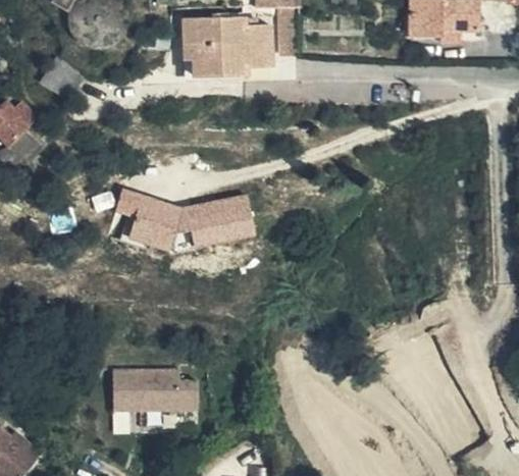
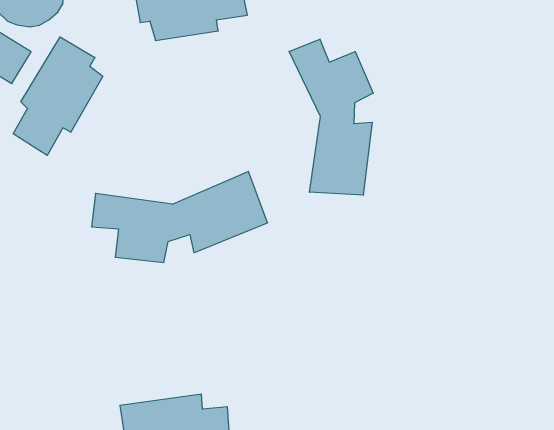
building: none -> [13,37,103,155]
building: none -> [289,39,373,195]

